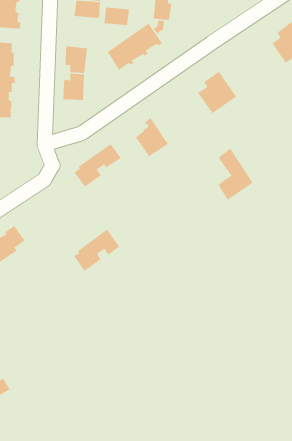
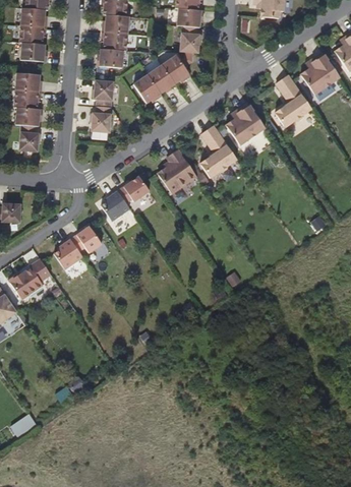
building: [104,6,130,26] -> [97,47,123,67]
building: none -> [275,75,312,128]
building: [218,147,254,201] -> [200,125,237,179]
building: [73,229,120,272] -> [53,226,101,269]

